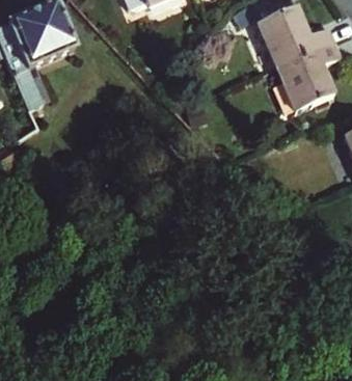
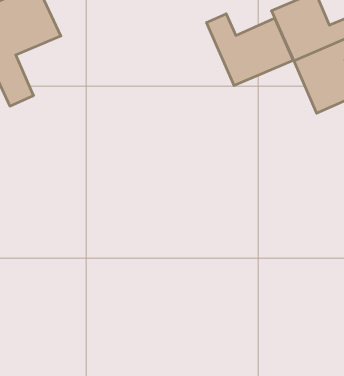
building: none -> [207,14,293,86]

